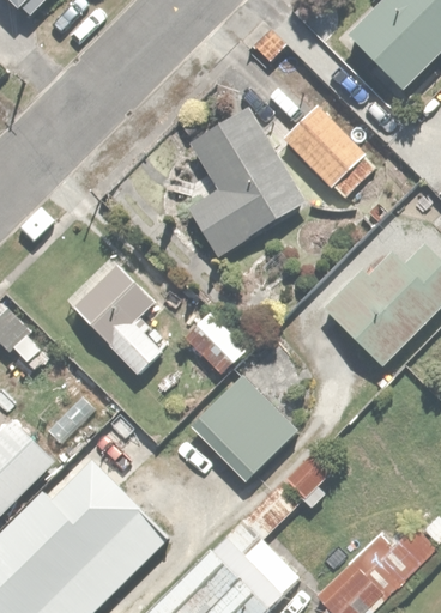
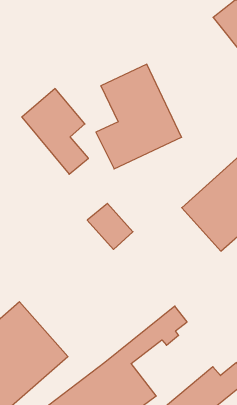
building: [282,102,380,200] -> none
building: [66,254,167,376] -> [22,89,88,174]
building: [188,372,301,485] -> none

